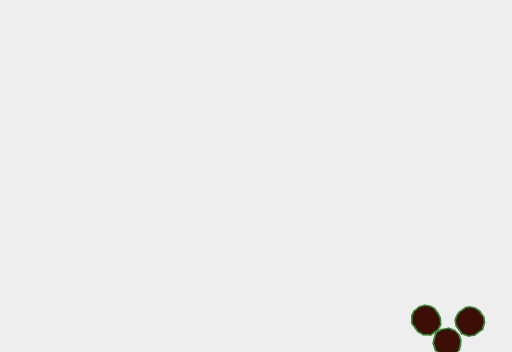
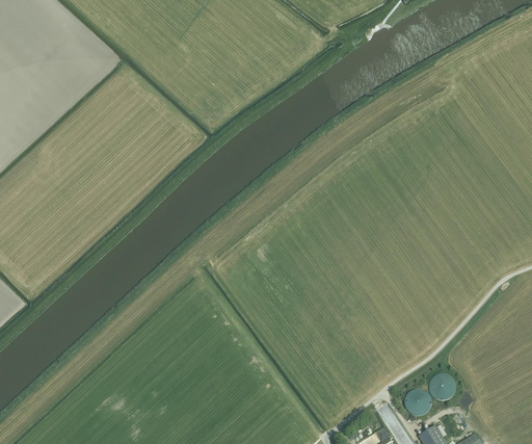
building: [412,305,441,335] -> none

